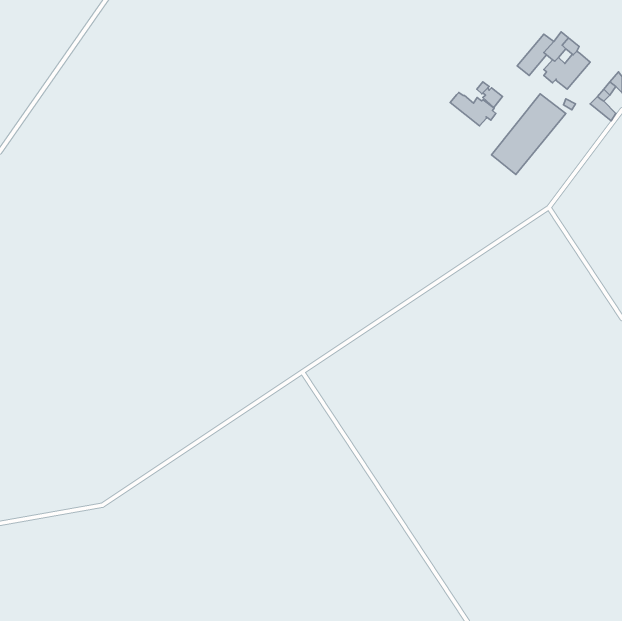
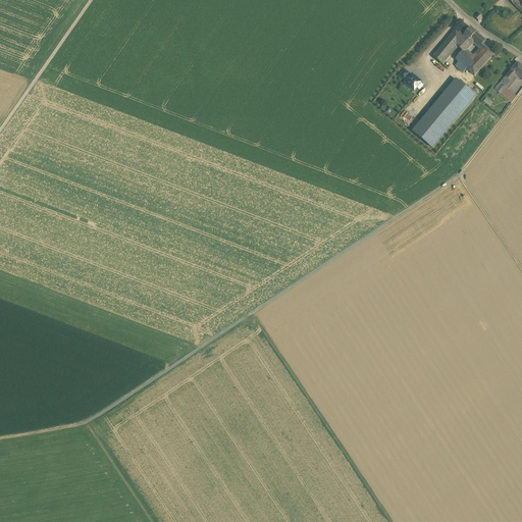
building: [450,92,496,126] -> none

